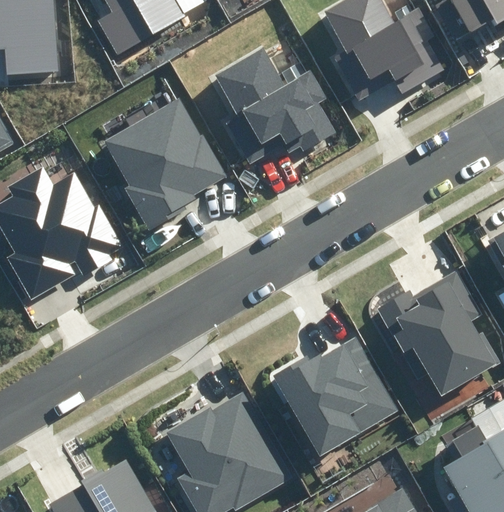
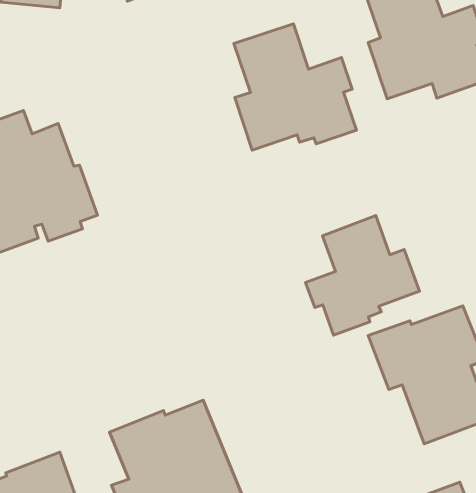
building: [103,98,227,230] -> none
building: none -> [306,216,420,335]
building: [272,338,398,456] -> none

